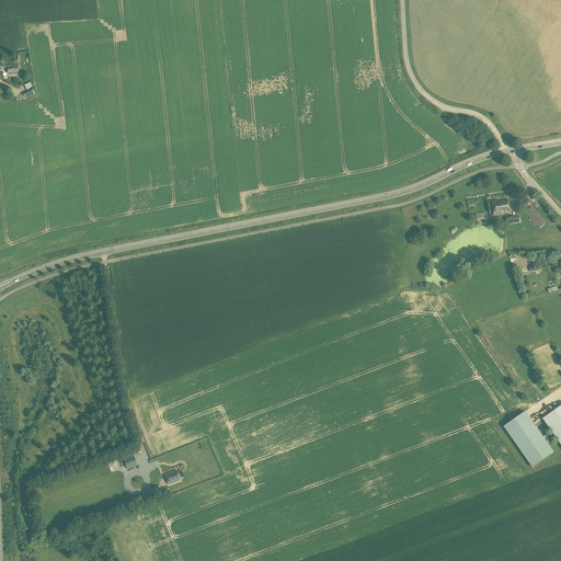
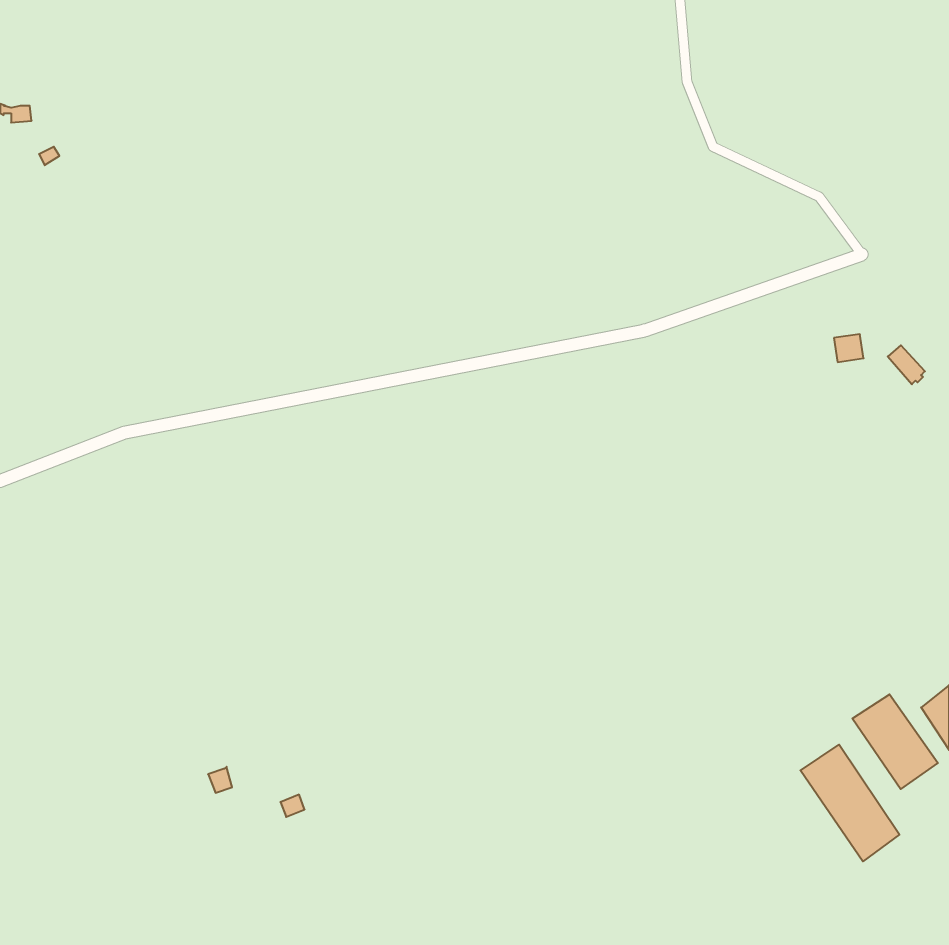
building: none -> [800,745,899,861]

